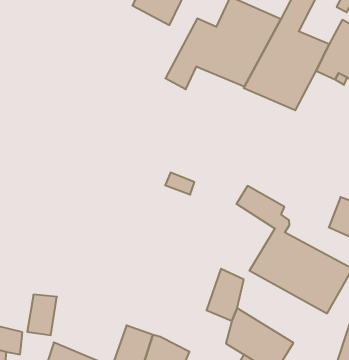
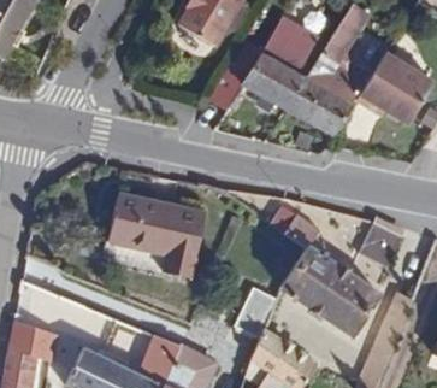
building: none -> [107,194,203,277]

